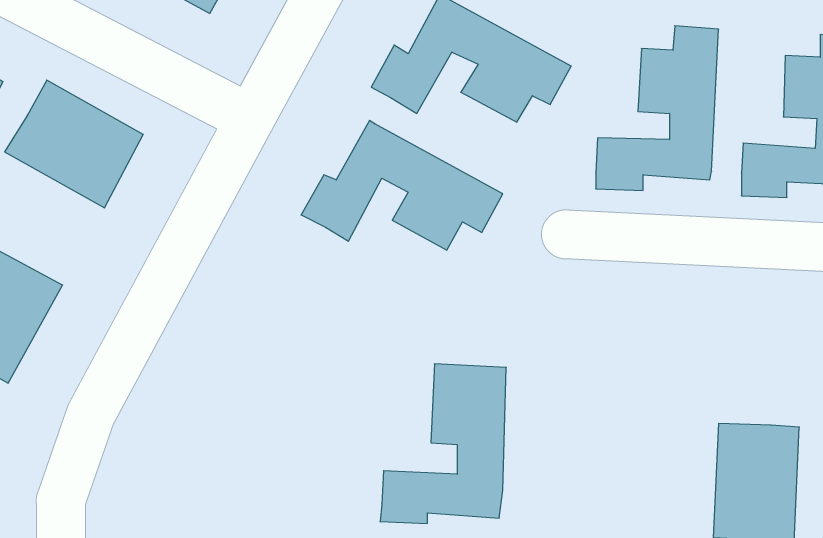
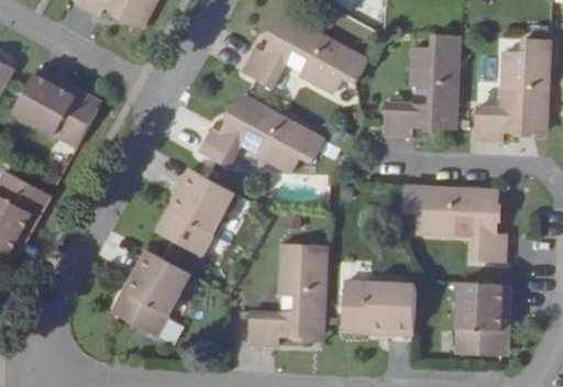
building: none -> [154,168,234,256]
building: none -> [402,187,506,262]
building: none -> [111,250,190,336]
building: none -> [341,281,416,336]

